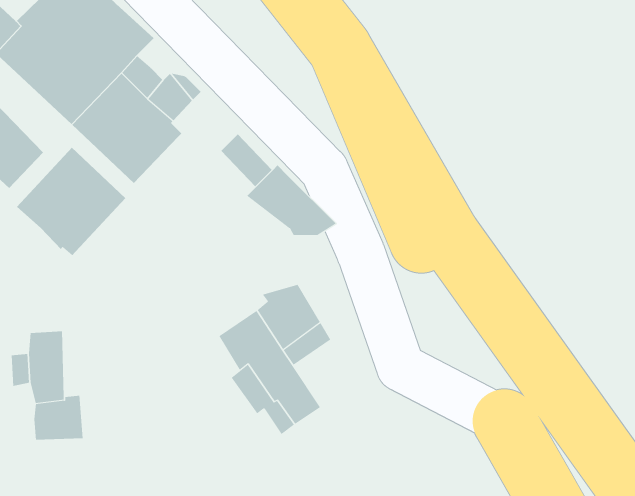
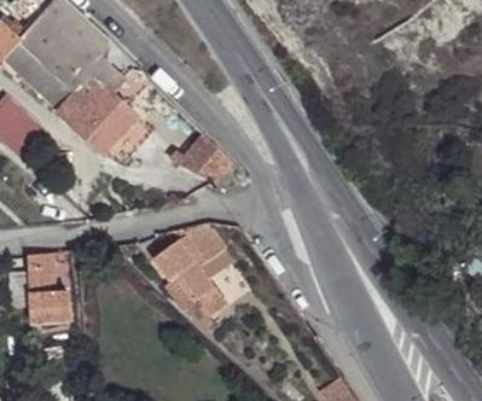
building: [16,147,126,256] -> none

